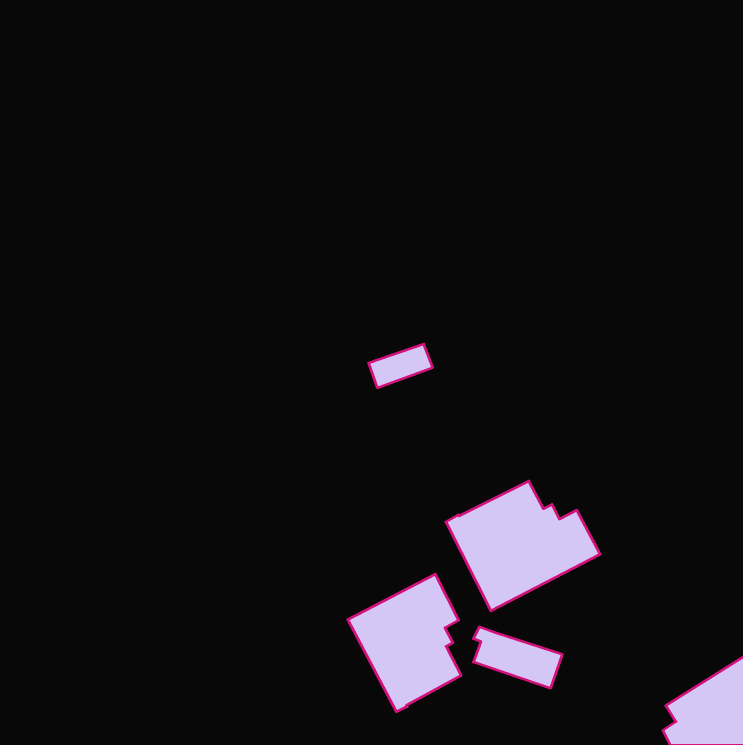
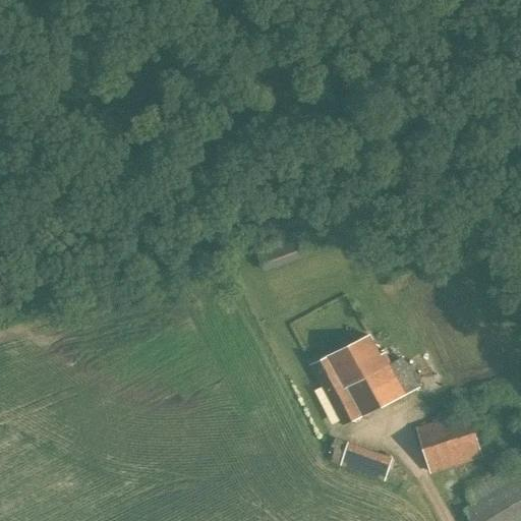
building: [348,574,461,712] -> none
building: none -> [417,411,483,474]

